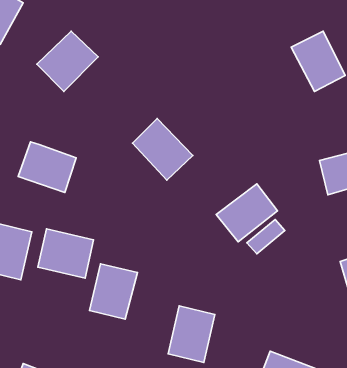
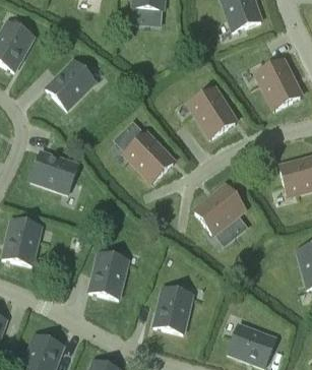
building: none -> [189,85,236,136]
building: [38,229,94,278] -> none

